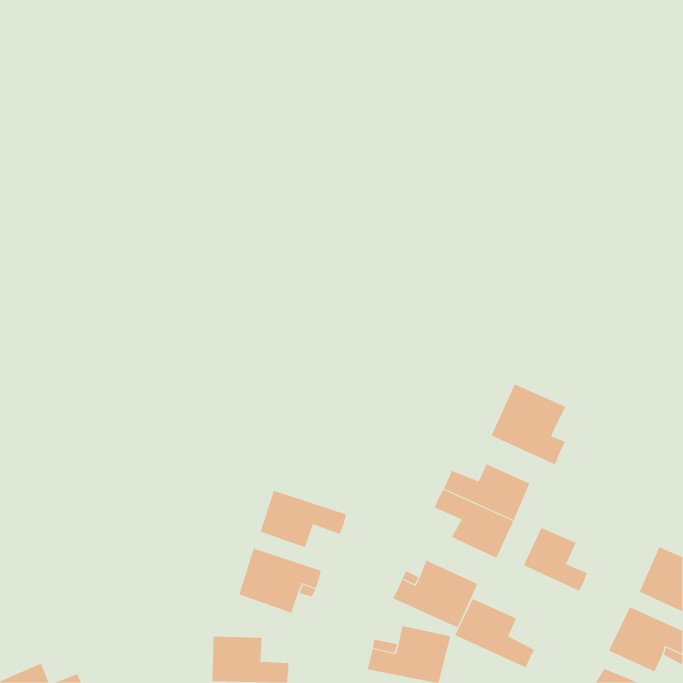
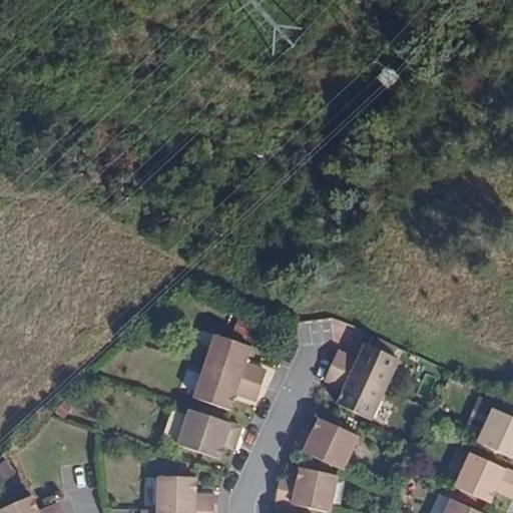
building: [491,384,566,465] -> none
building: none -> [204,335,265,385]
building: [523,527,588,591] -> none
building: [454,598,535,668] -> none

